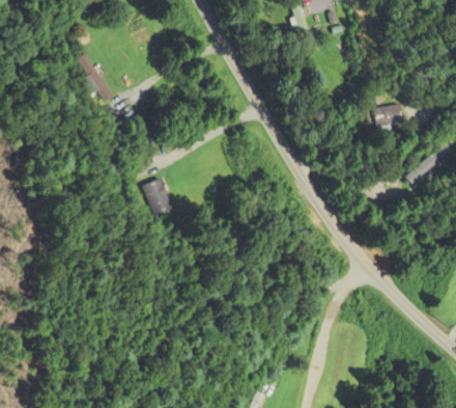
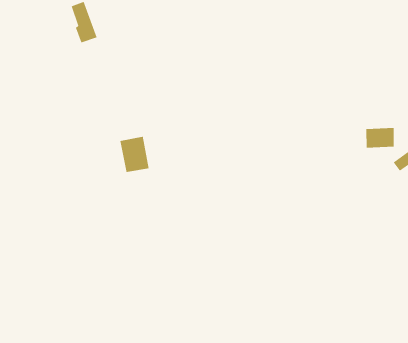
building: [377,106,407,129] -> [366,128,395,148]

